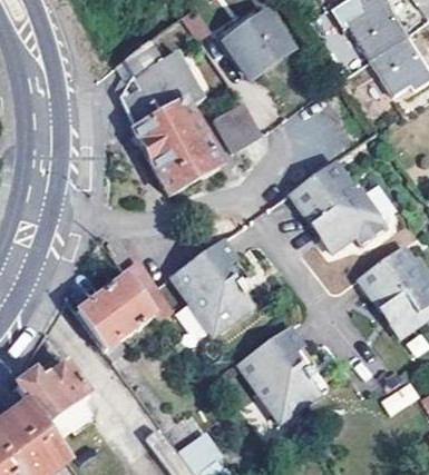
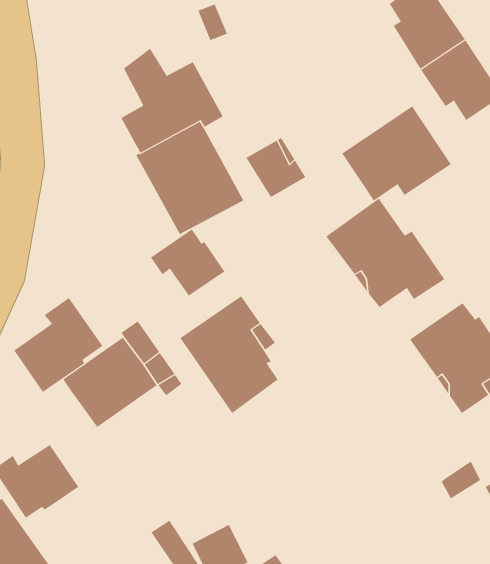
building: [227,12,286,71] -> none
building: none -> [342,106,451,202]
building: none -> [150,229,225,296]
building: none -> [13,297,103,393]
building: [235,327,316,422] -> none

